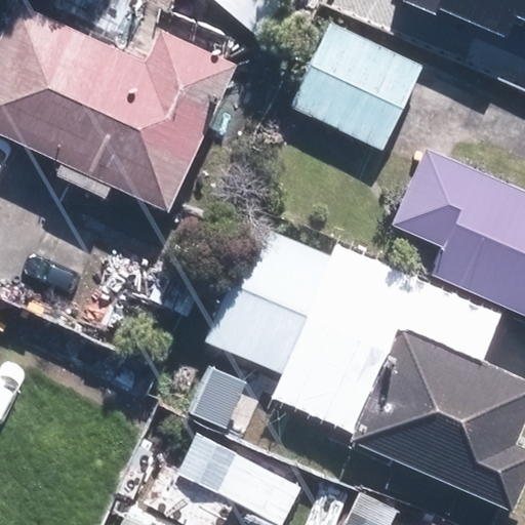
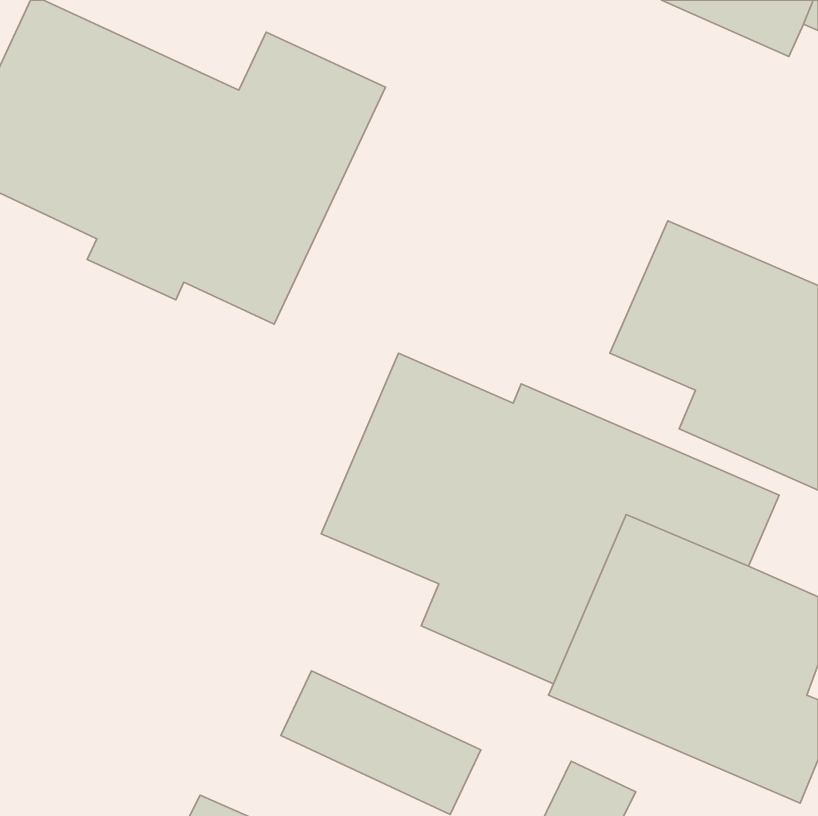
building: [291,19,425,149] -> none

